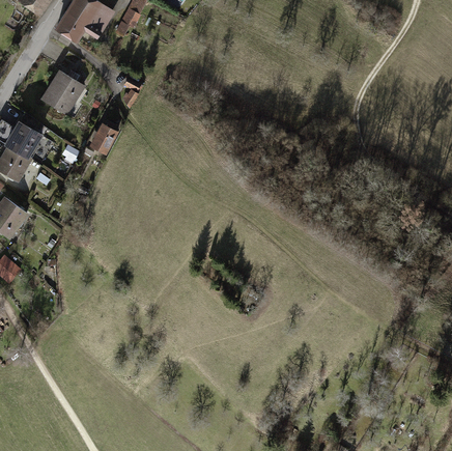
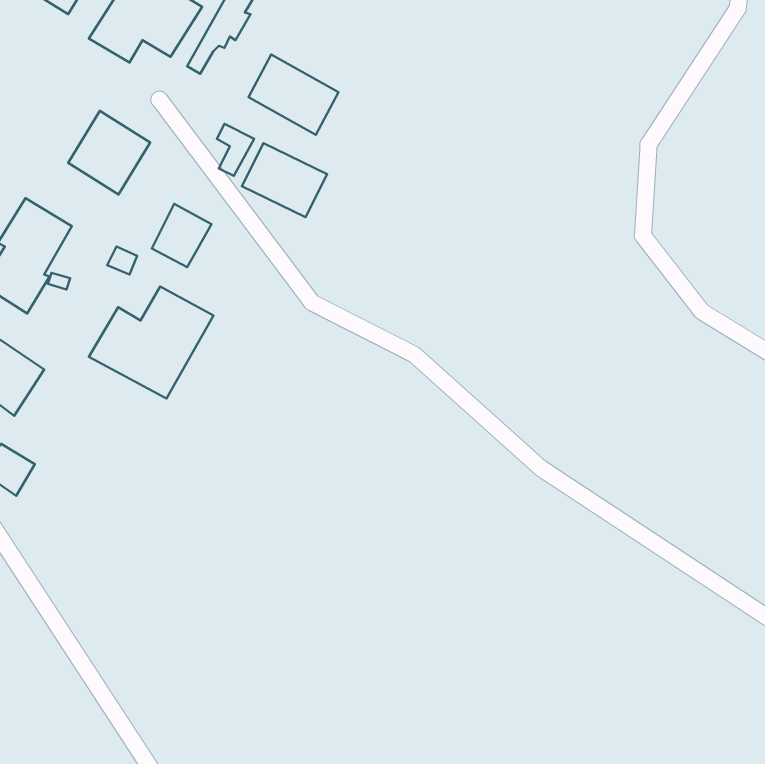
building: none -> [249,54,338,135]
building: none -> [242,143,327,217]
building: none -> [89,286,213,399]

